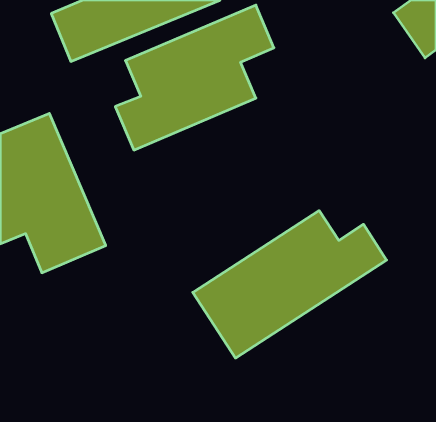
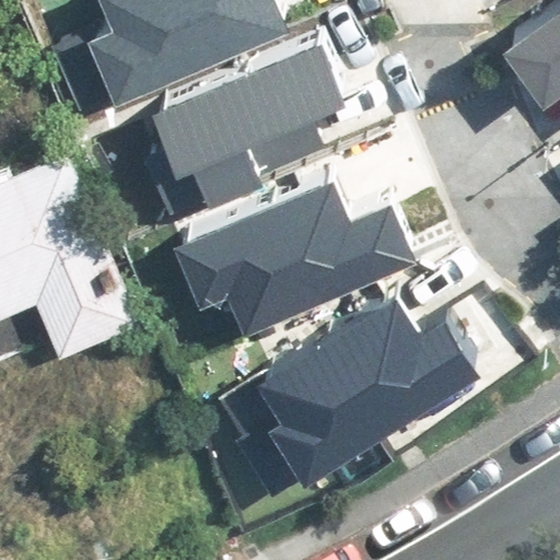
building: none -> [187,163,430,317]

